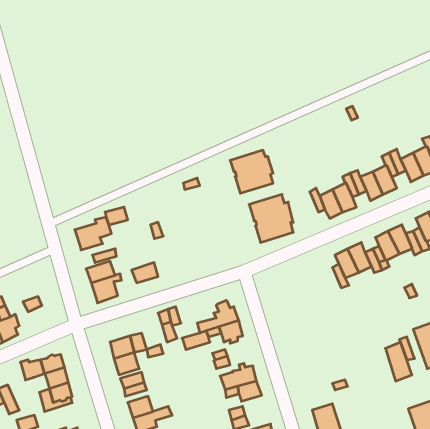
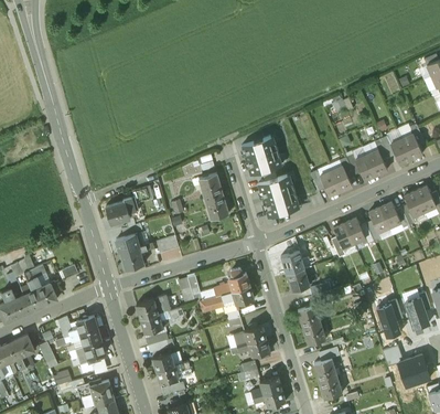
building: none -> [198,173,228,220]
building: none -> [280,251,309,291]
building: none -> [297,305,325,344]

